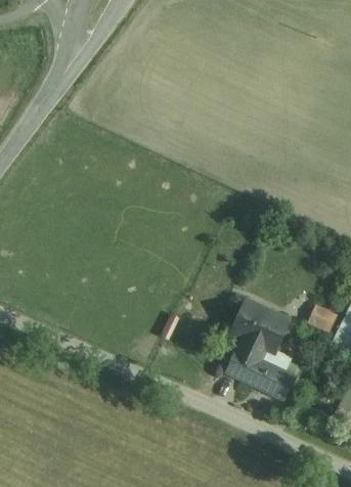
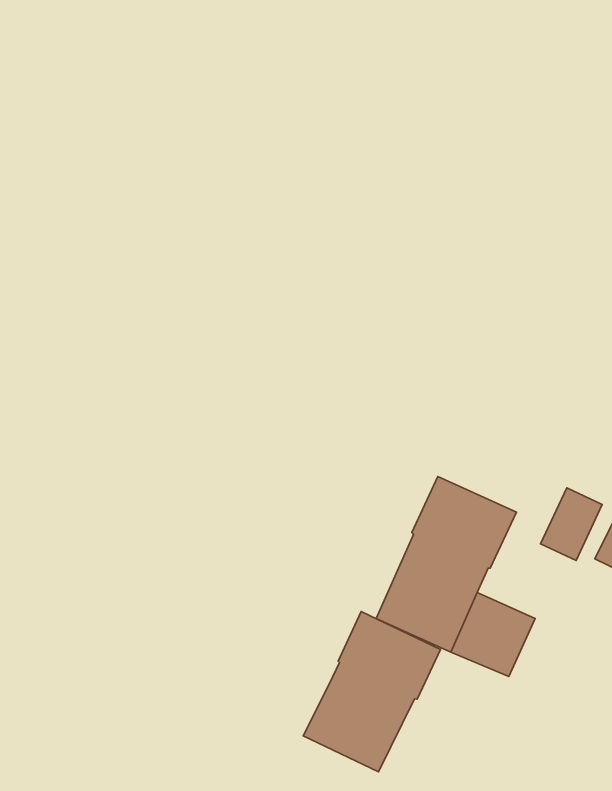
building: none -> [303,611,440,772]

